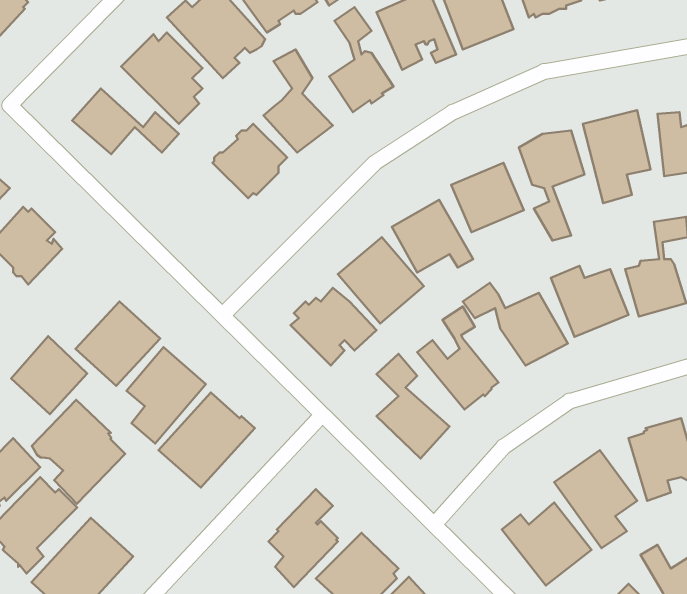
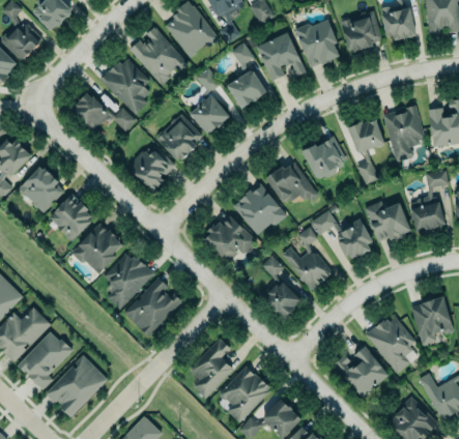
building: none -> [128,145,174,193]
building: [11,336,87,414] -> [49,195,95,242]
building: [32,400,125,504] -> none

